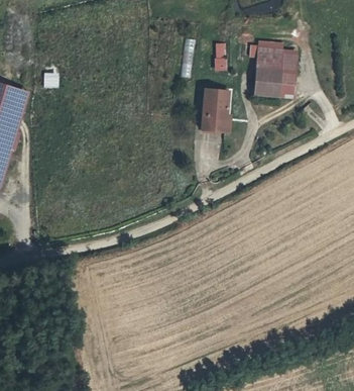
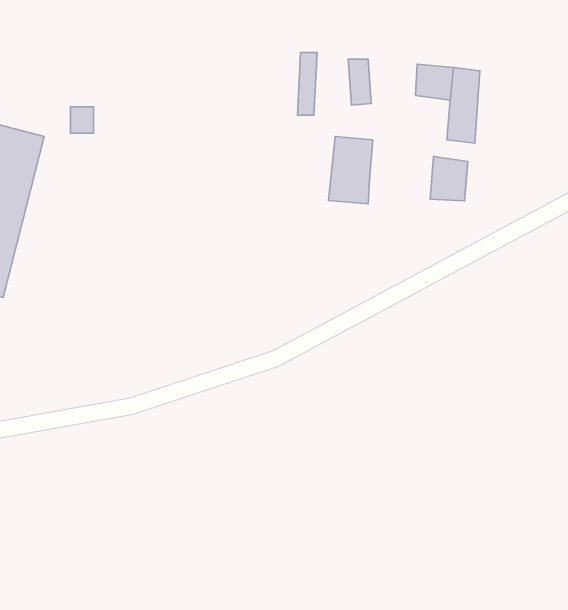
building: [254,65,277,92] -> [430,156,468,201]

